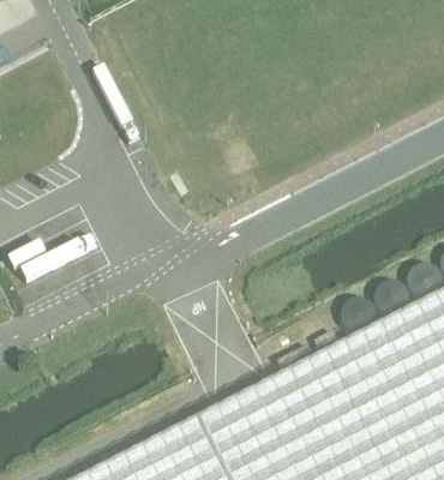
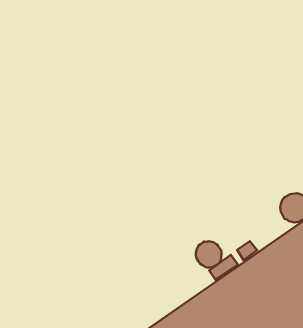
building: [341,304,376,340] -> none
building: none -> [196,241,222,268]

